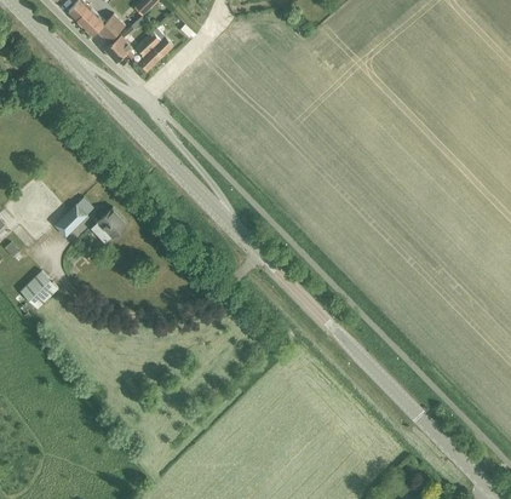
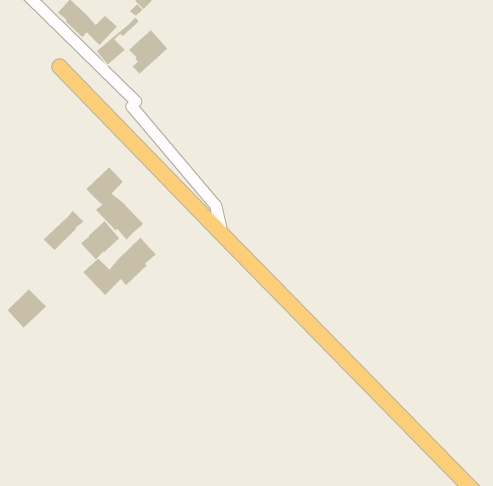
building: none -> [85,167,144,240]
building: none -> [83,237,157,296]

